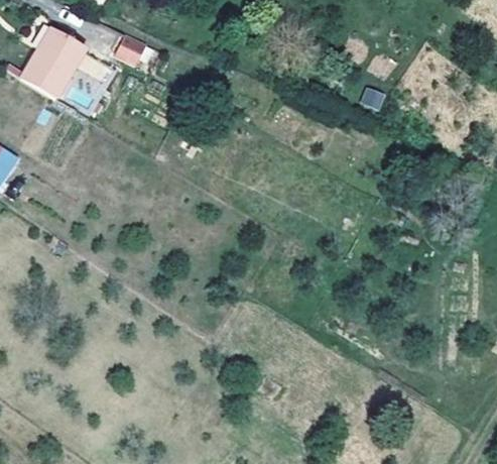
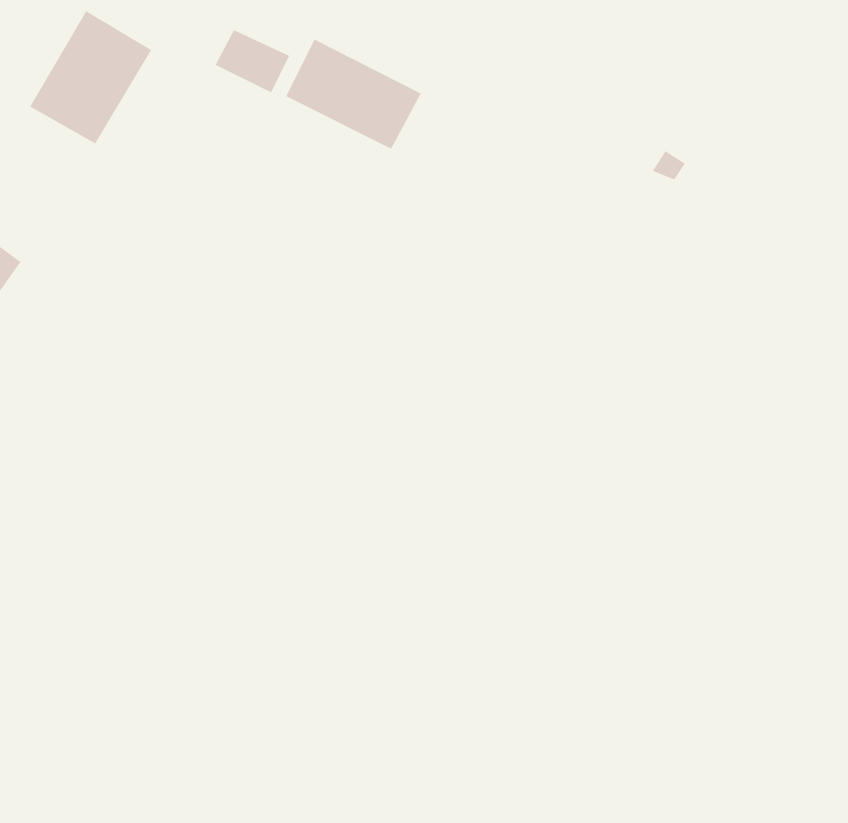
building: none -> [285,38,422,150]

